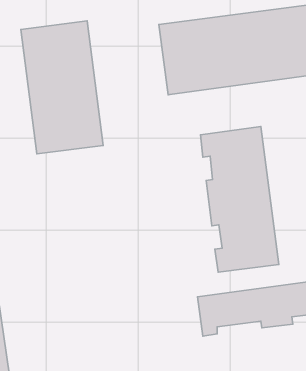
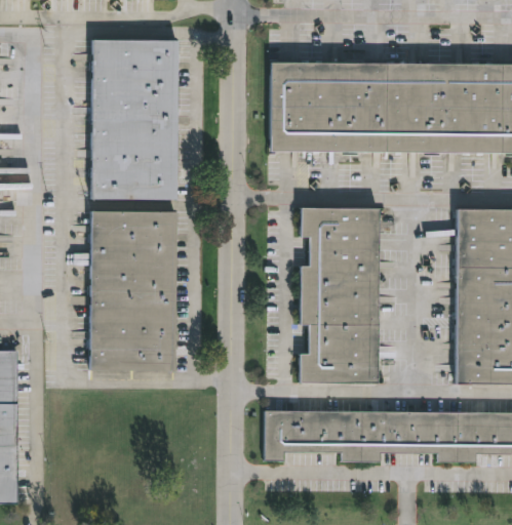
building: none -> [88,212,176,373]

